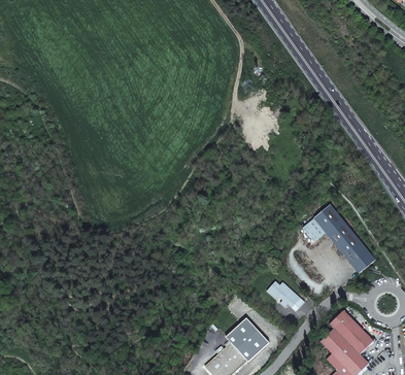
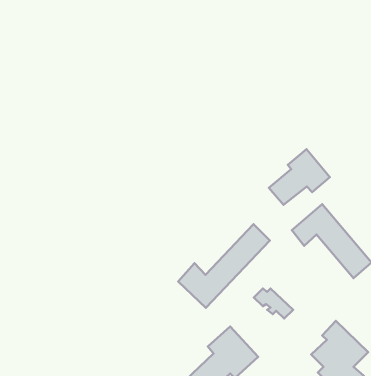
building: none -> [269,149,330,205]
building: none -> [178,224,270,308]

